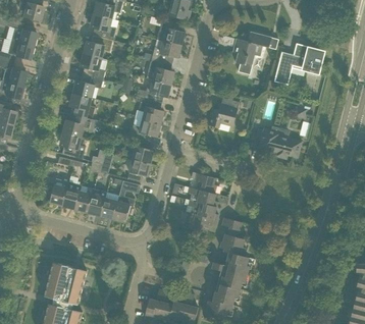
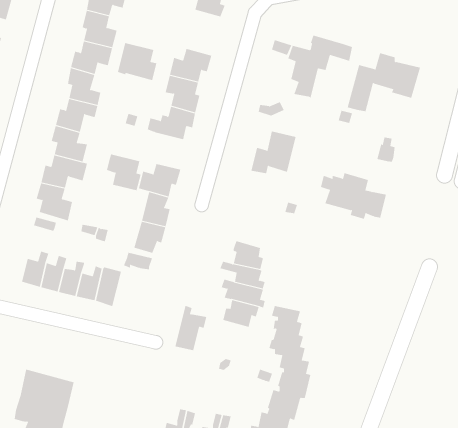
building: [156,19,184,46] -> [117,43,157,81]
building: [138,99,162,124] -> [106,154,142,191]
building: [112,191,135,222] -> [175,305,207,351]

